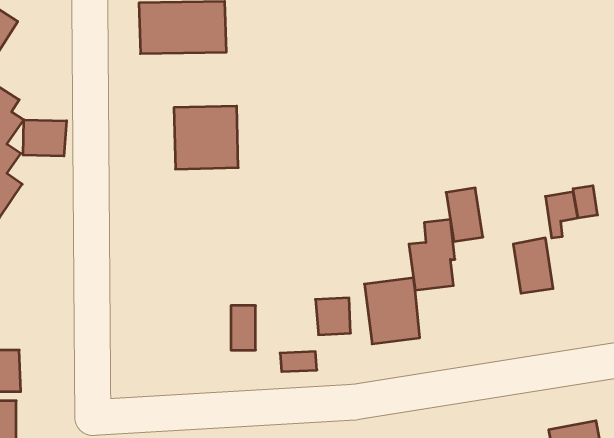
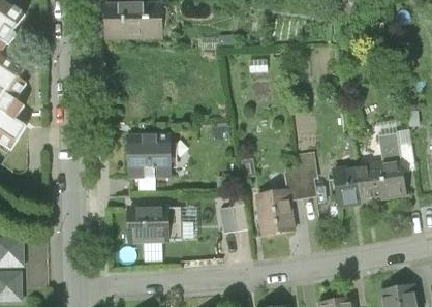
building: [174,106,238,169] -> [126,134,169,177]
building: [23,120,67,156] -> none
building: [446,188,483,242] -> [336,167,361,204]
building: none -> [377,161,403,197]
building: none -> [127,209,165,240]

